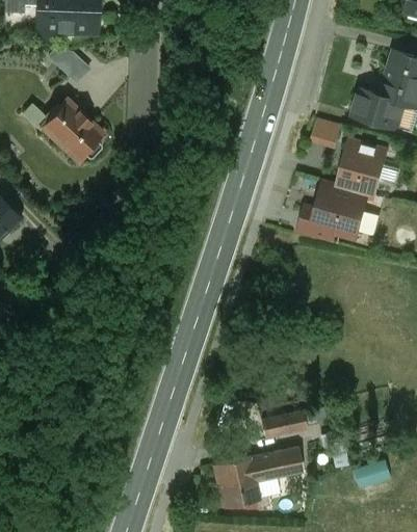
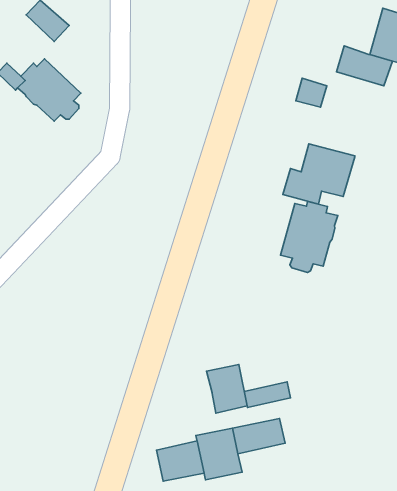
building: [336,139,388,196] -> none
building: none -> [281,202,338,273]
building: none -> [206,364,247,413]
building: none -> [157,441,204,481]

